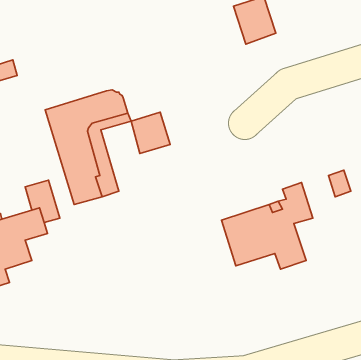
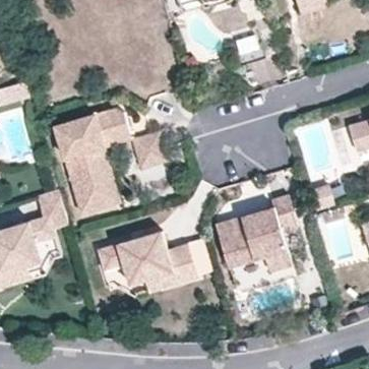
building: none -> [99,230,198,290]

